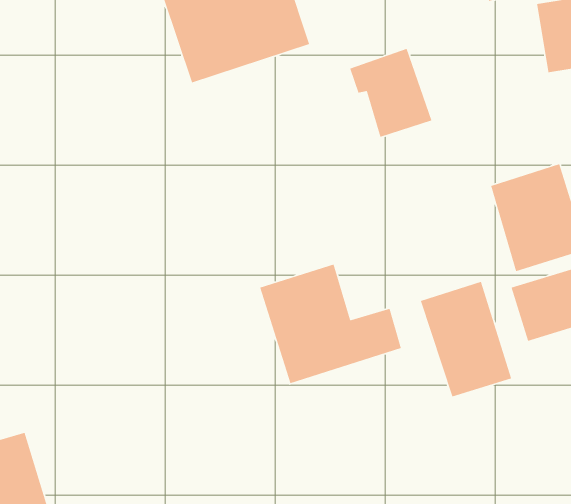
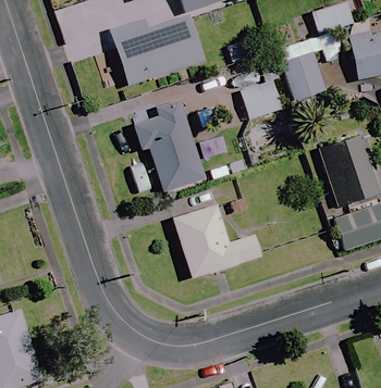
building: none -> [282,51,325,99]
building: none -> [134,100,207,191]
building: [420,281,512,397] -> none

